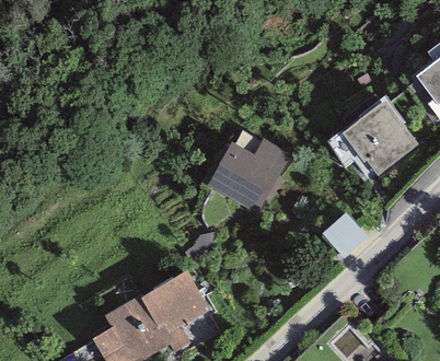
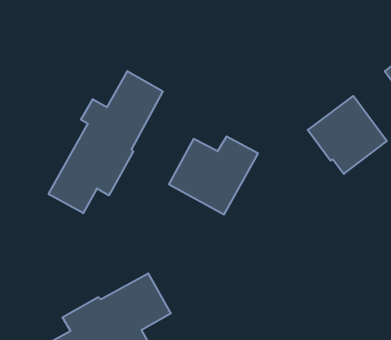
building: none -> [49,71,163,213]
building: [322,212,367,258] -> none

